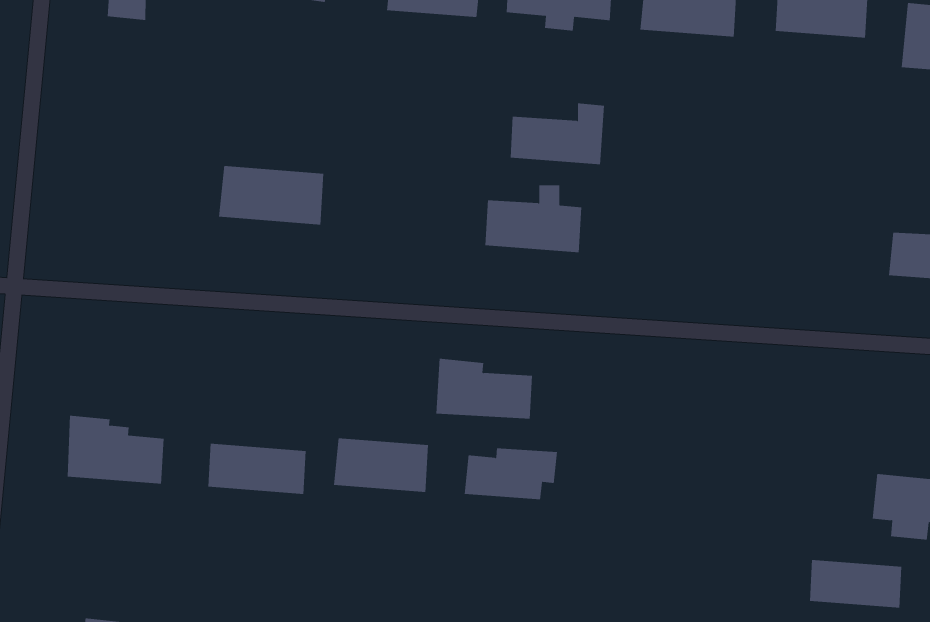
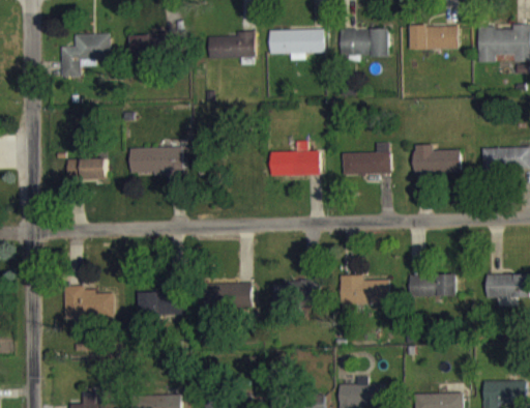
building: [510,103,605,165] -> [342,143,390,175]
building: none -> [67,157,107,179]
building: none -> [412,145,461,173]
building: [435,358,533,419] -> [340,275,390,304]
building: [809,560,902,608] -> [408,274,457,297]

